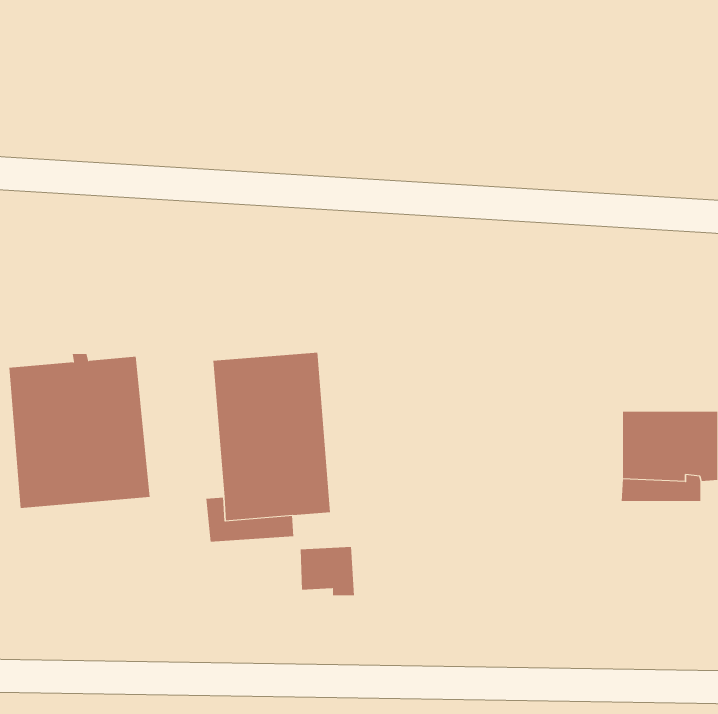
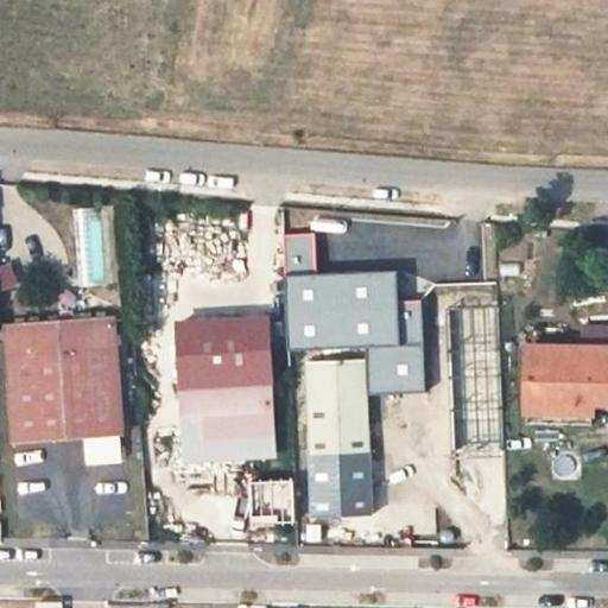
building: none -> [284,239,424,397]
building: none -> [304,367,369,518]

